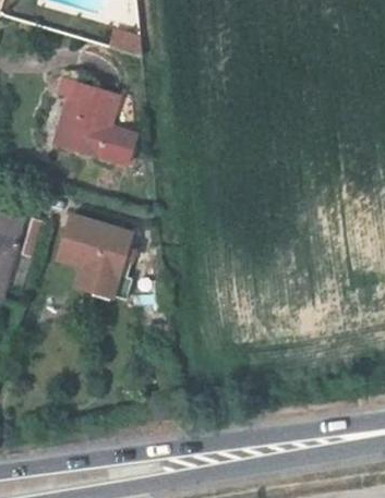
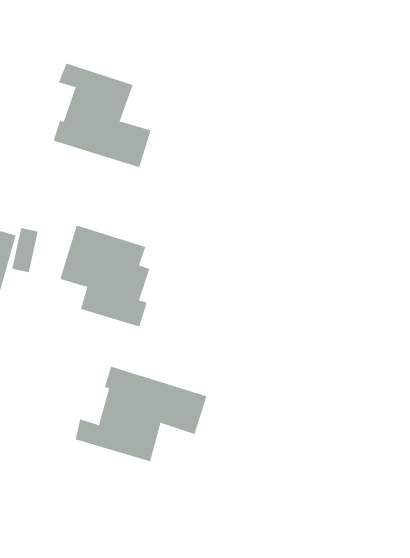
building: none -> [75,366,207,462]

